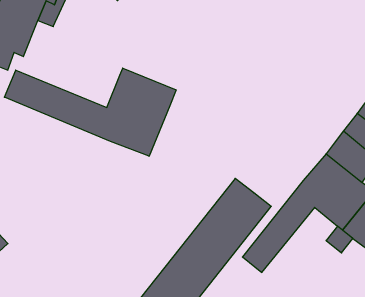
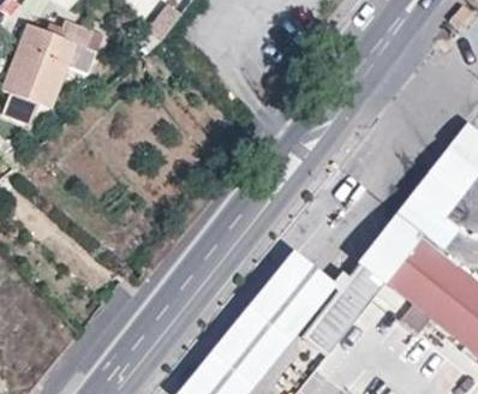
building: [4,68,176,156] -> none

